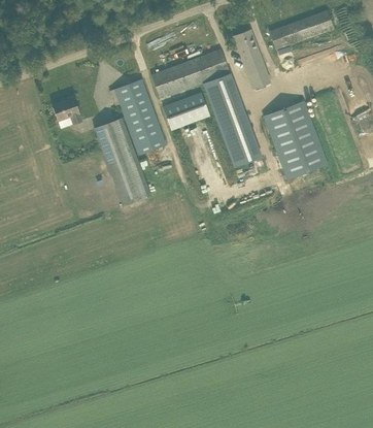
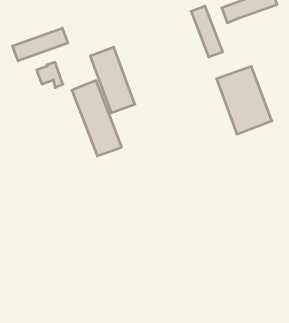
building: [150,50,261,169] -> none
building: none -> [12,28,68,61]
building: [163,94,209,130] -> none

